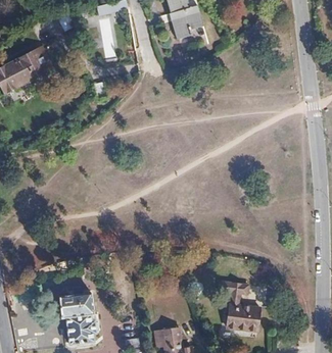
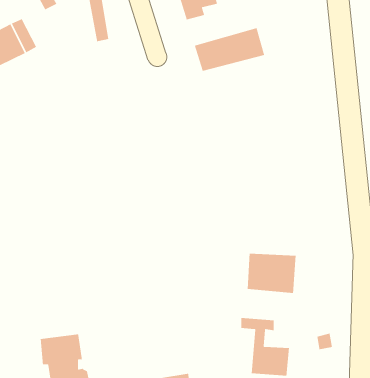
building: none -> [194,27,265,72]
building: none -> [247,253,297,294]

